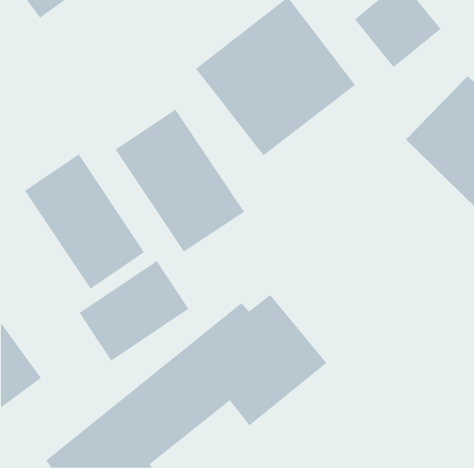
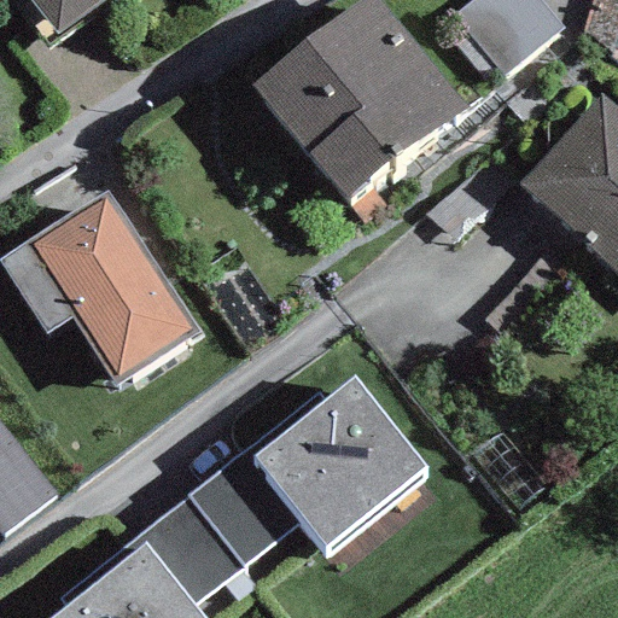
building: [115,109,245,253] -> none
building: [79,260,189,362] -> none

